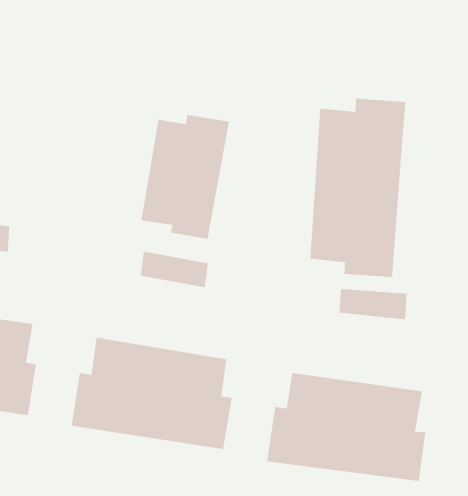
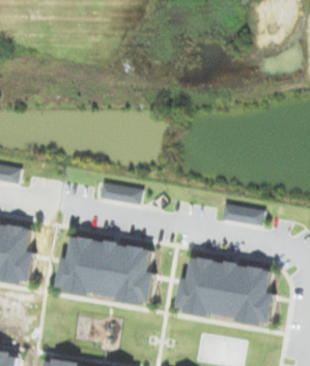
building: [310,98,406,278] -> none
building: [140,114,230,240] -> none

